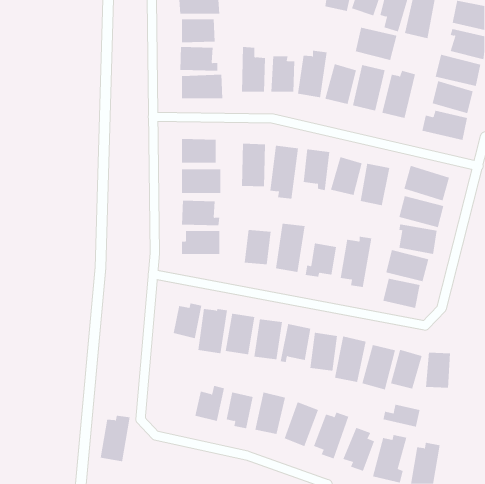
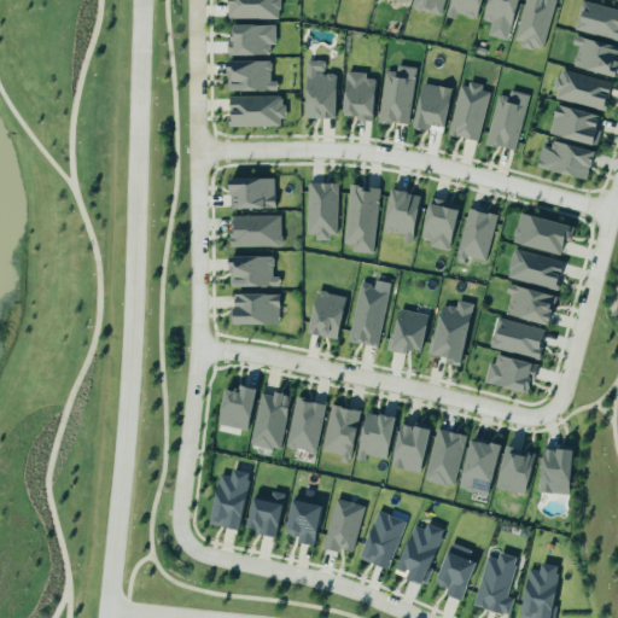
building: [355,27,397,61] -> none
building: [383,404,420,428] -> none
building: [100,415,130,462] -> [211,470,250,529]

